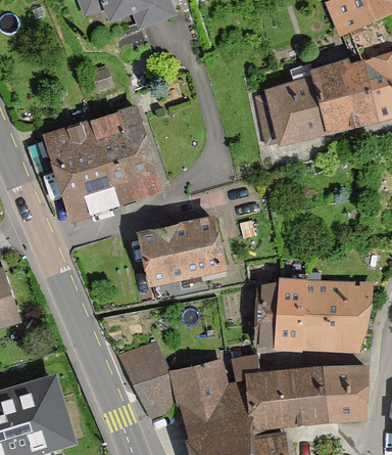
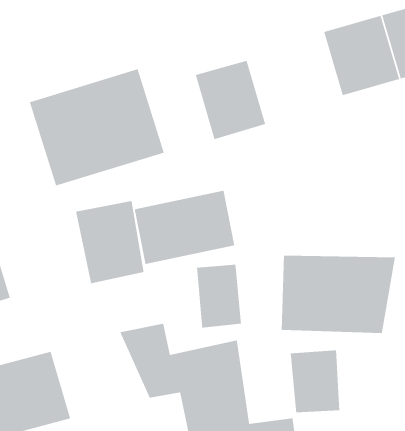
building: [259,76,325,149] -> [195,60,266,140]
building: none -> [75,200,145,284]
building: [320,365,360,423] -> none
building: [240,370,282,429] -> [196,264,242,328]

